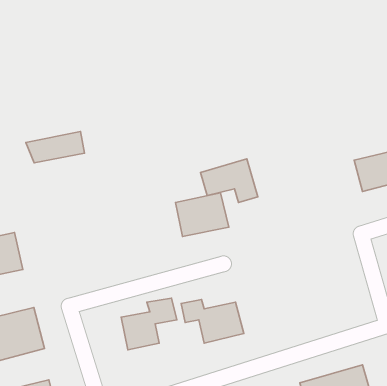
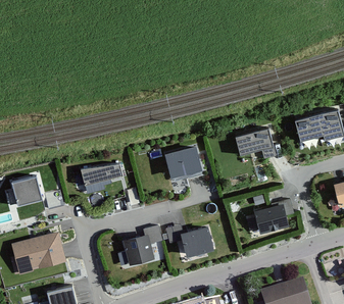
building: [26,131,85,163] -> [78,159,121,183]
building: [200,159,258,202] -> [234,126,277,159]
building: none -> [255,196,295,232]

